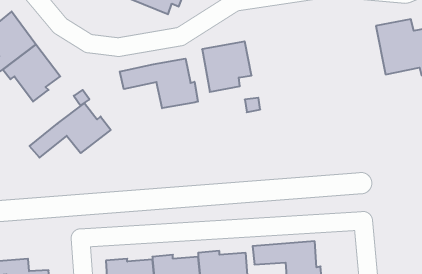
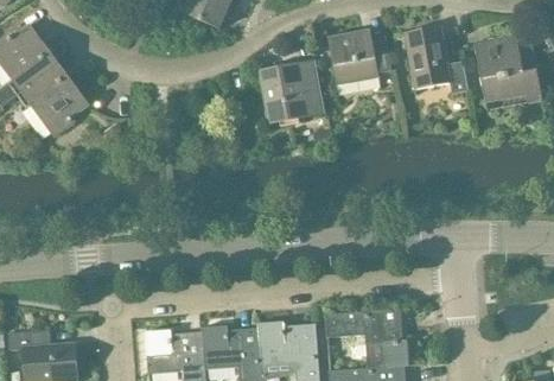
building: none -> [403,28,469,95]
building: none -> [329,31,391,87]
building: [120,59,198,108] -> none
building: [30,103,111,158] -> none

